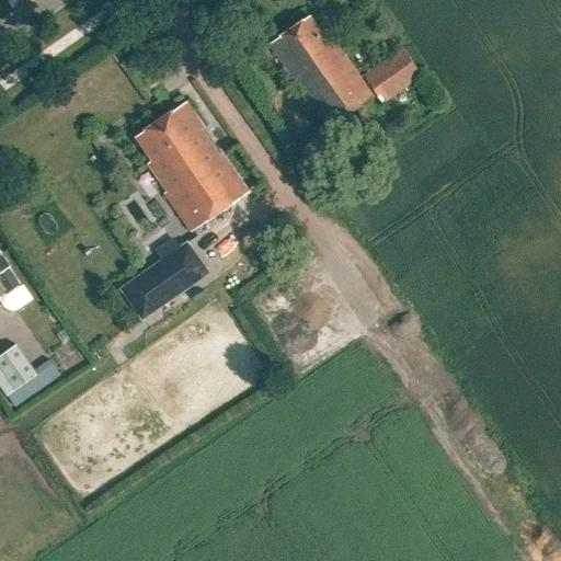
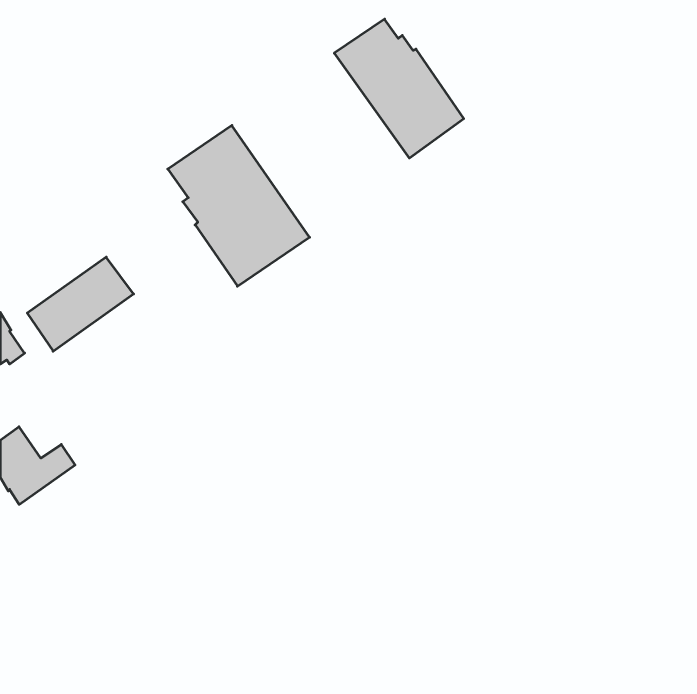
building: [364,47,422,101] -> none
building: [122,242,207,318] -> [27,257,134,351]

